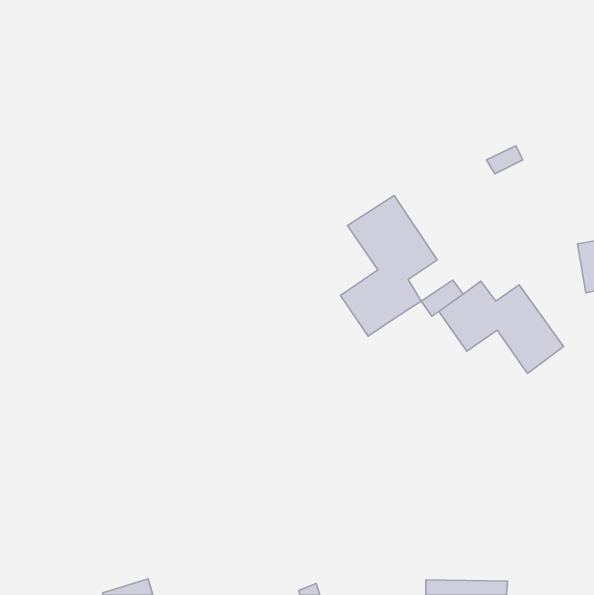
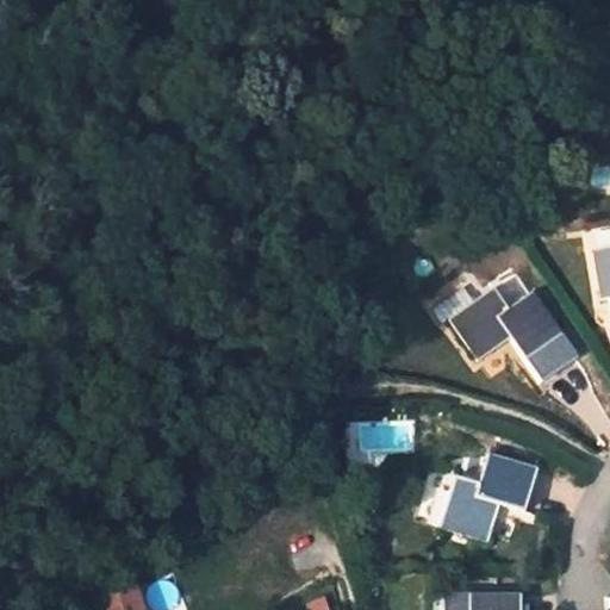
building: [340,195,437,336] -> none
building: none -> [438,453,537,542]

